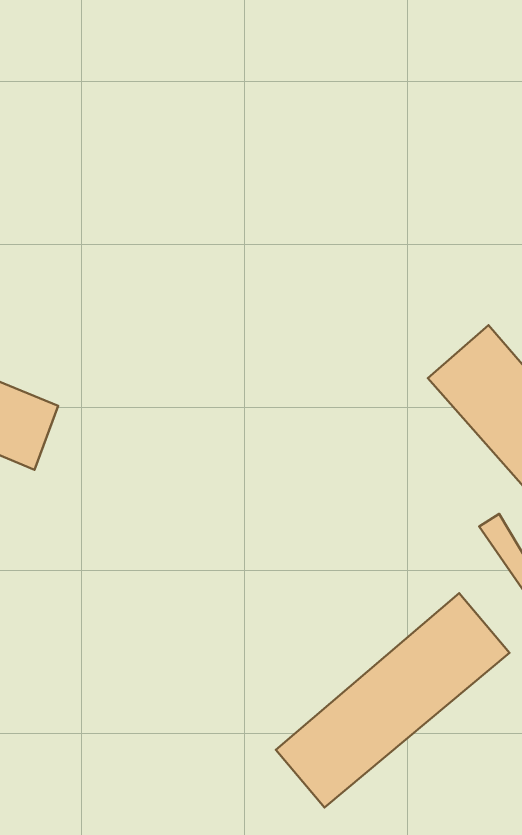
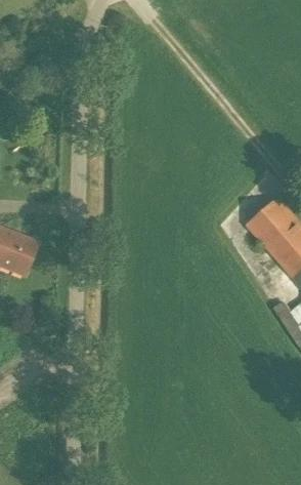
building: [276,593,509,808] -> none

